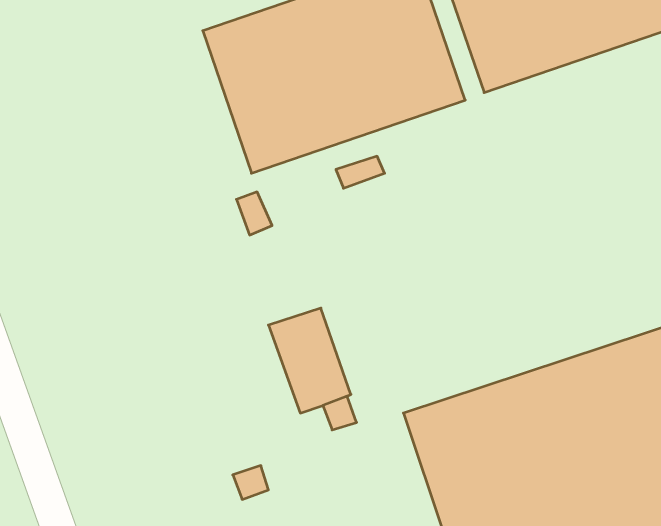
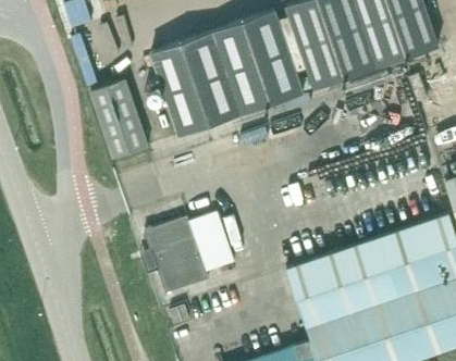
building: none -> [91,80,149,160]
building: none -> [147,217,210,294]

